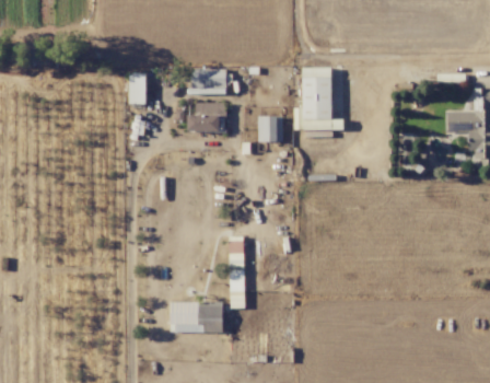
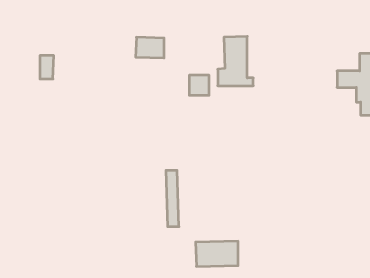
building: [129,74,147,104] -> [40,56,54,79]
building: [188,102,226,131] -> none
building: [170,301,223,333] -> [196,241,238,266]

